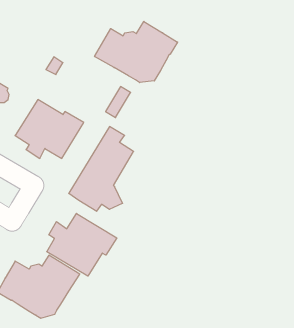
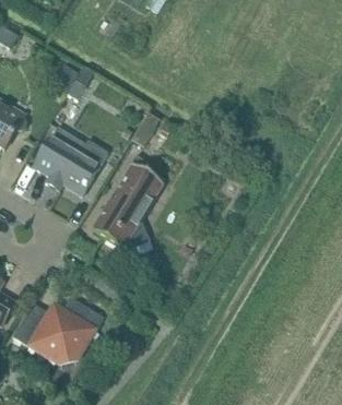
building: [95,21,178,83] -> none
building: [47,213,117,276] -> none

